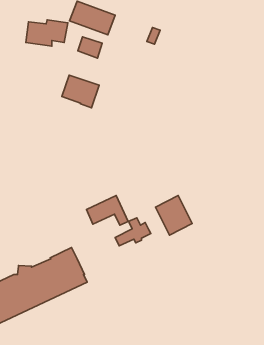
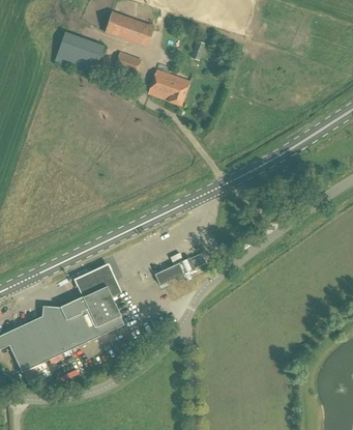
building: [62,75,99,108] -> [148,68,189,105]
building: [86,195,128,225] -> [76,264,122,297]
building: [156,196,192,235] -> none

